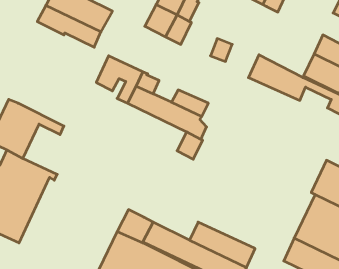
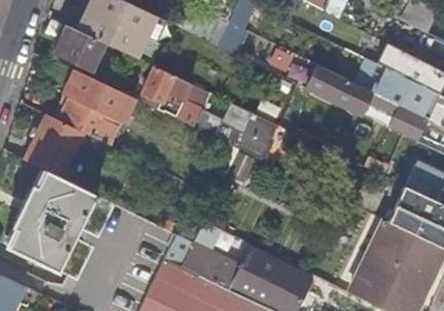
building: none -> [55,25,107,72]
building: none -> [57,72,139,144]

